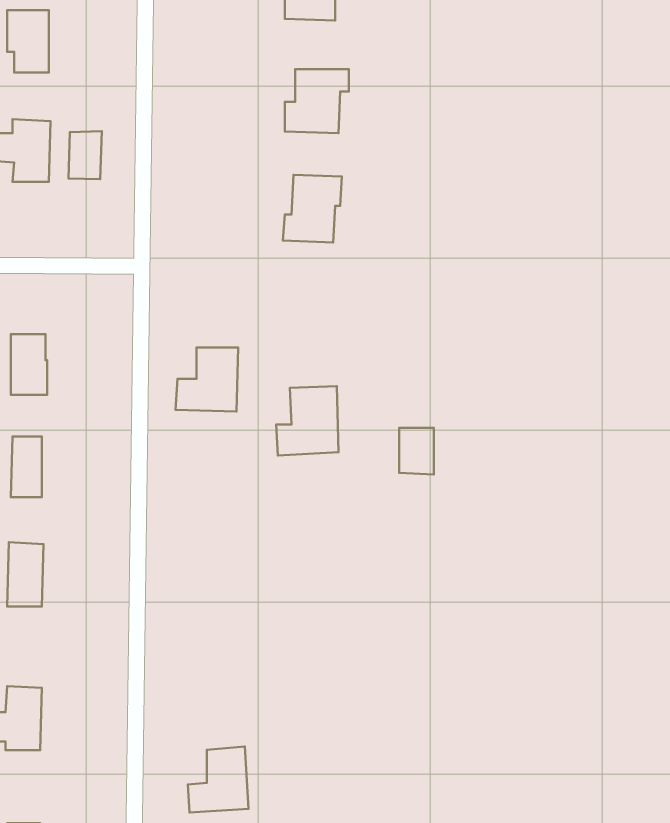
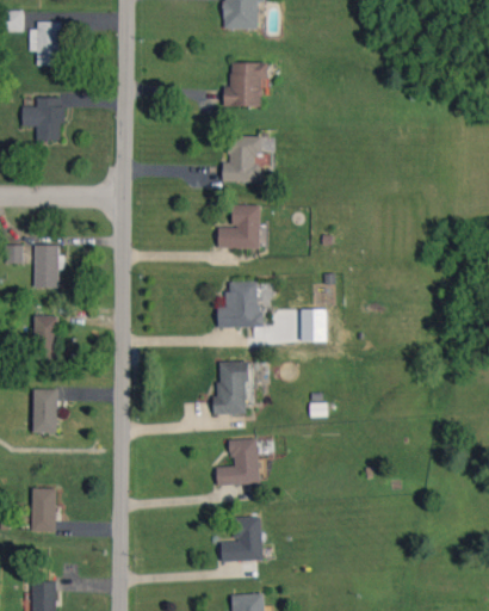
building: [69,131,102,179] -> none
building: [176,348,238,412] -> [217,204,260,248]
building: none -> [212,360,247,414]
building: none -> [216,438,259,485]
building: [188,747,248,812] -> [221,516,262,561]

